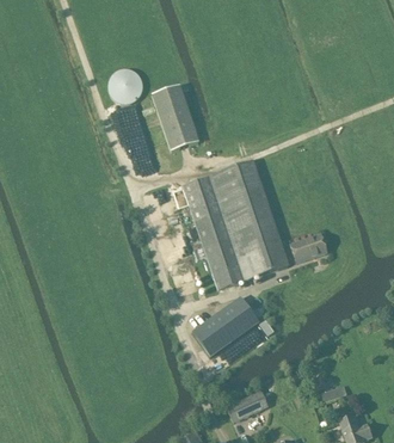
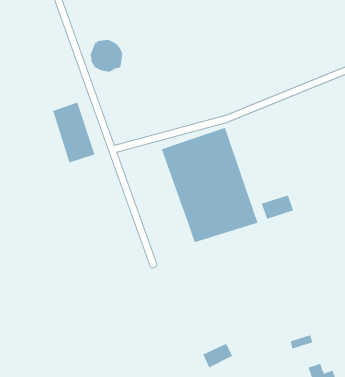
building: [152,84,198,150] -> [52,101,96,164]
building: [185,296,257,355] -> none

